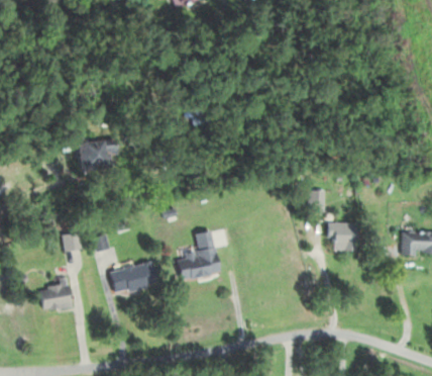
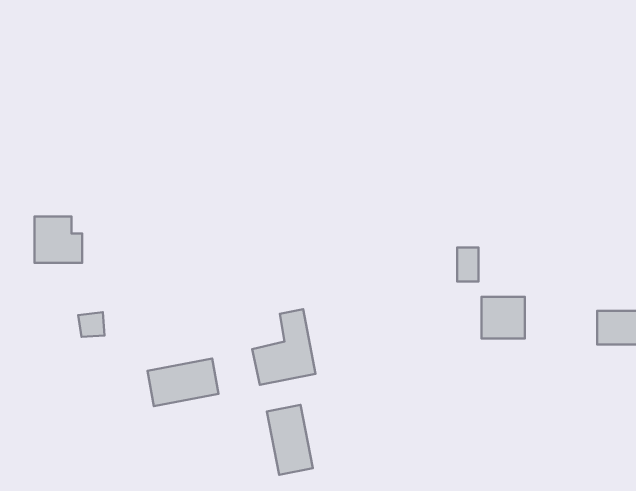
building: [76,142,107,172] -> [35,216,82,263]
building: [41,285,73,309] -> none
building: none -> [267,405,313,475]

